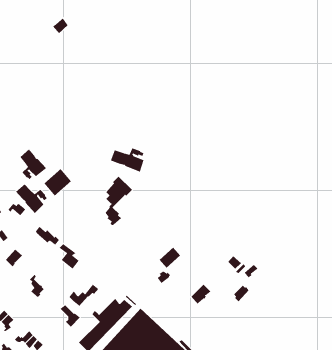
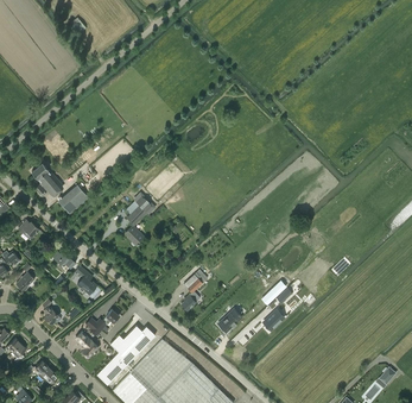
building: [110,148,144,172] -> none
building: [15,183,48,214] -> none

